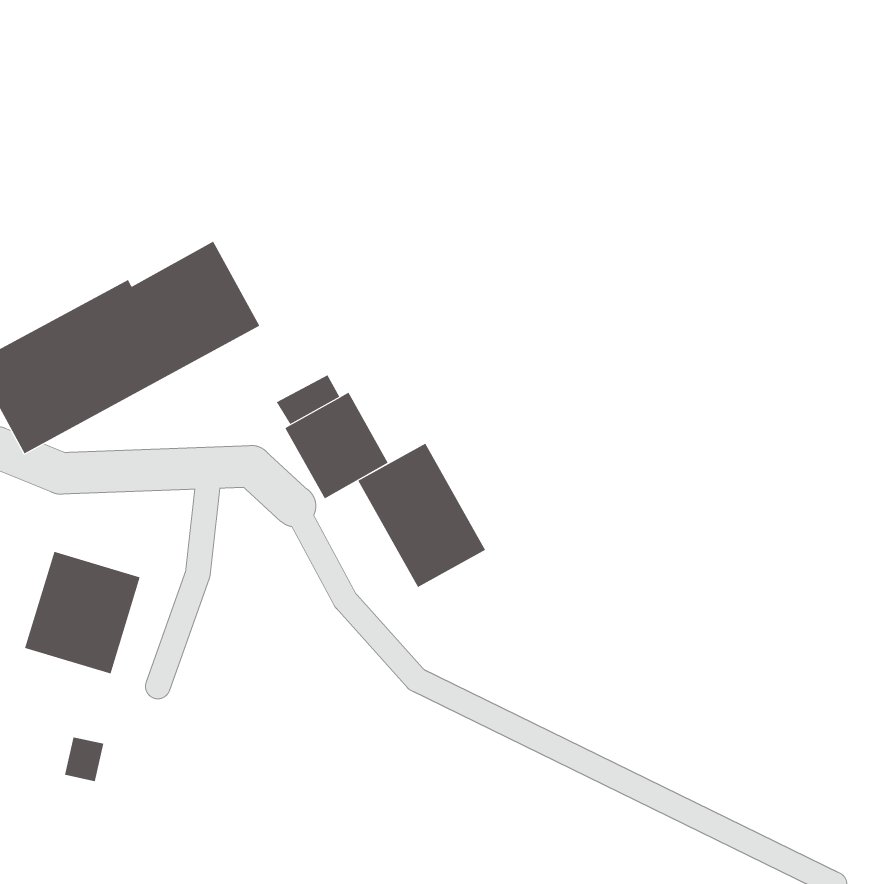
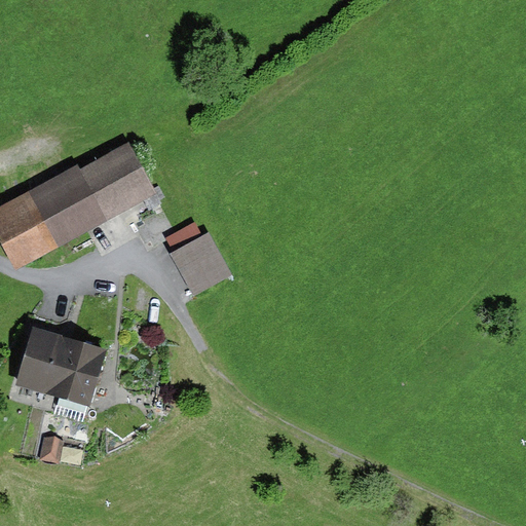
building: [358,443,486,588] -> none
building: none -> [66,342,106,406]

